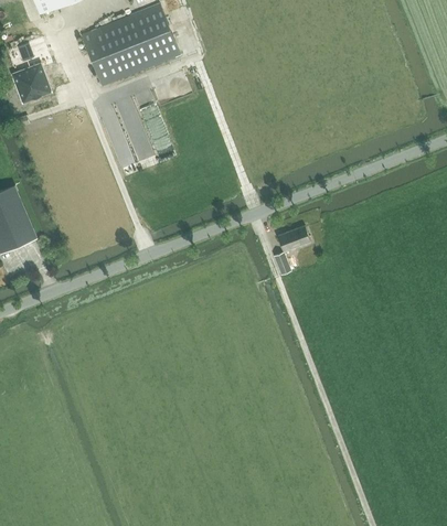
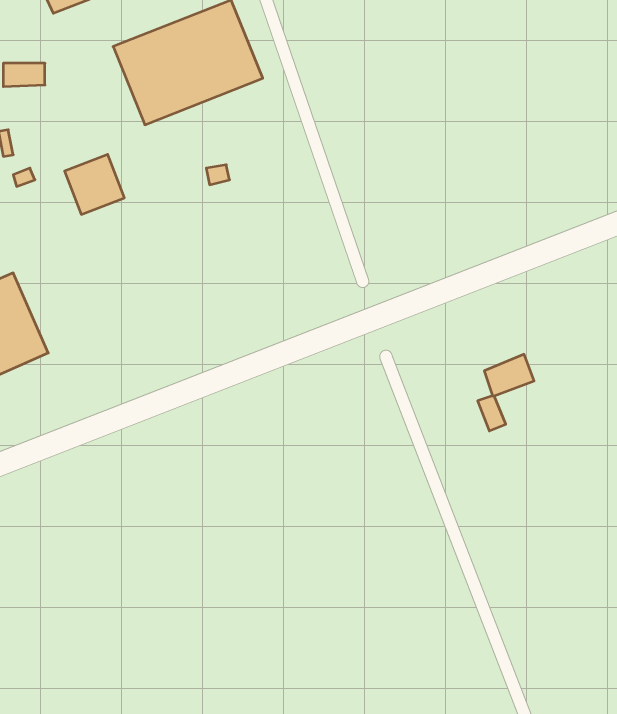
building: [11,63,51,103] -> [65,154,124,214]
building: [273,224,310,275] -> [478,354,534,431]

